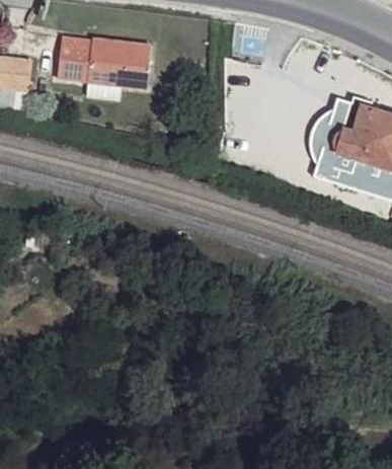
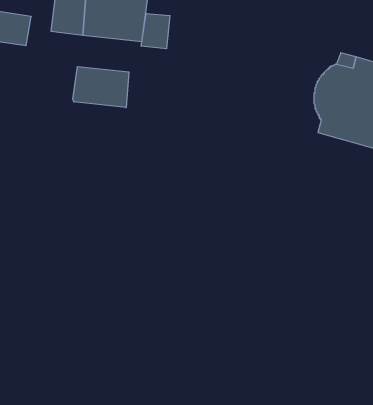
building: none -> [141,13,170,49]
building: none -> [73,67,129,108]

